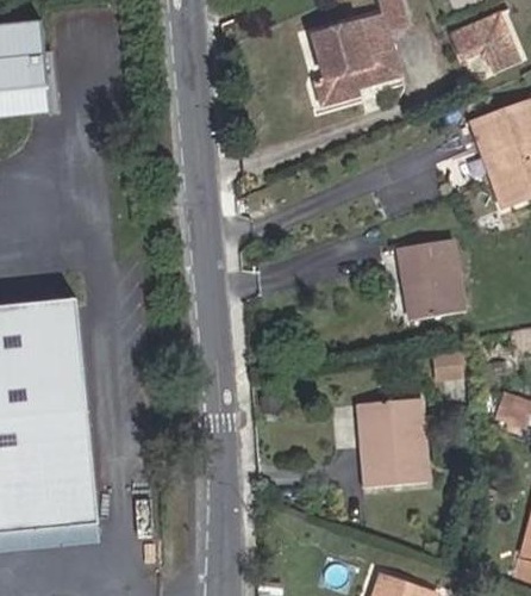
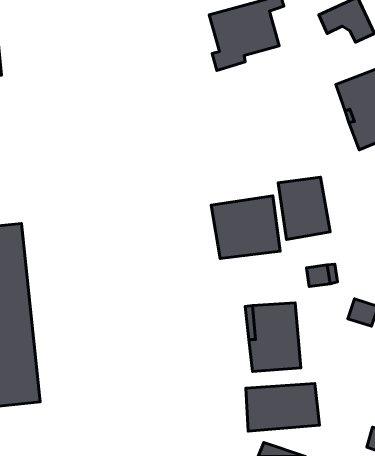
building: none -> [211,196,280,259]
building: none -> [246,383,319,431]

